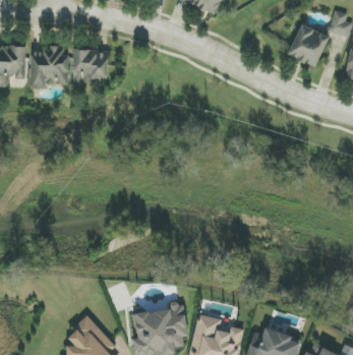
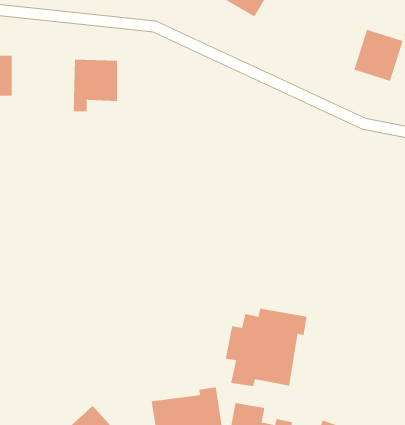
building: [31,48,68,87] -> none
building: none -> [225,308,307,387]

